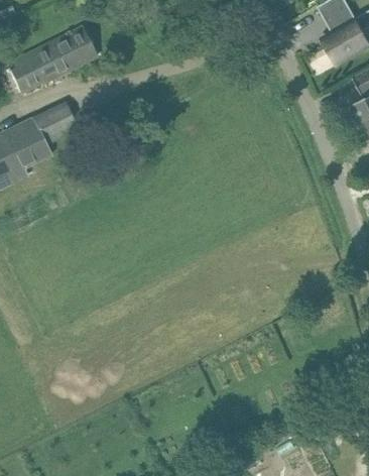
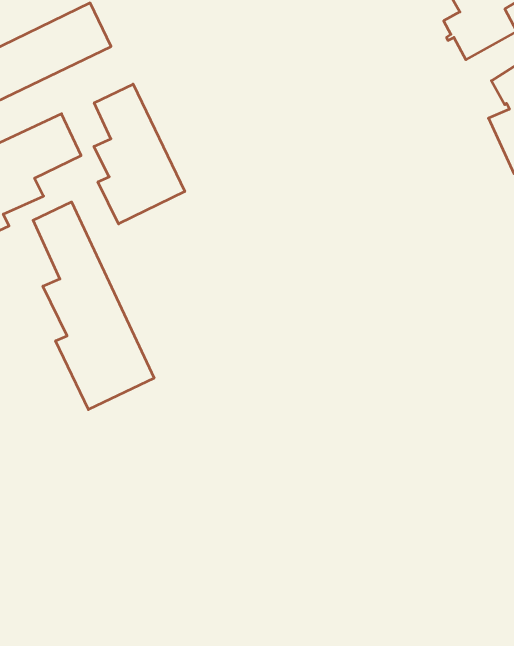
building: none -> [94,84,185,224]
building: none -> [33,202,154,410]

